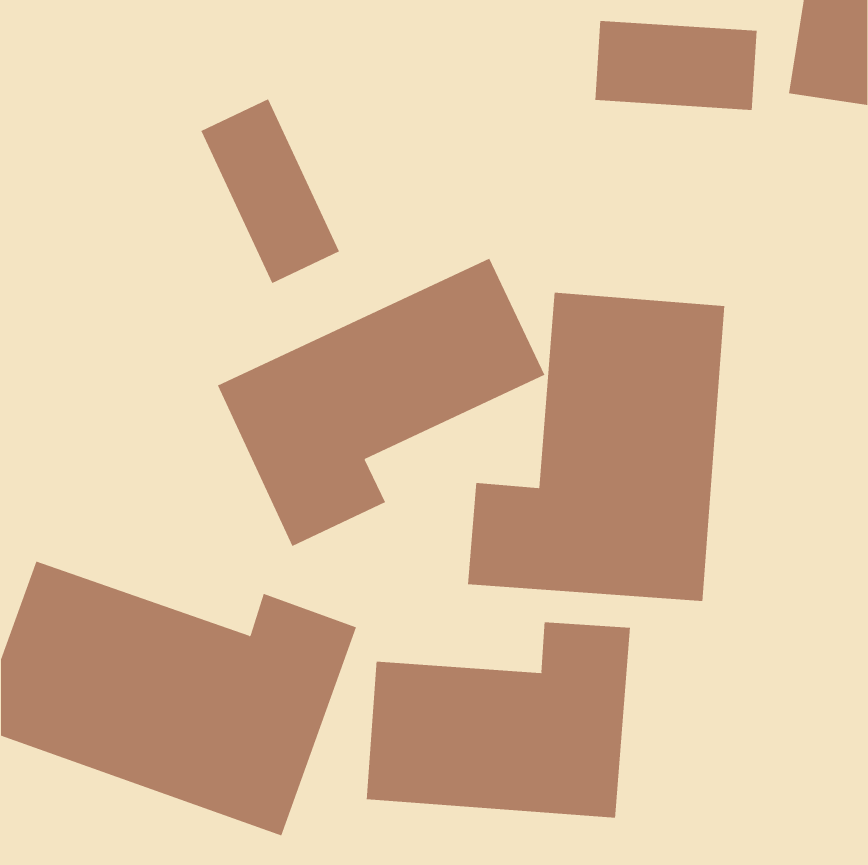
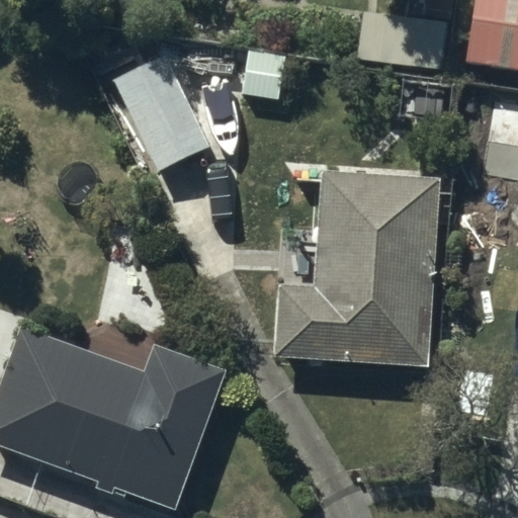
building: [217,258,545,547] -> none
building: [366,622,630,818] -> none

